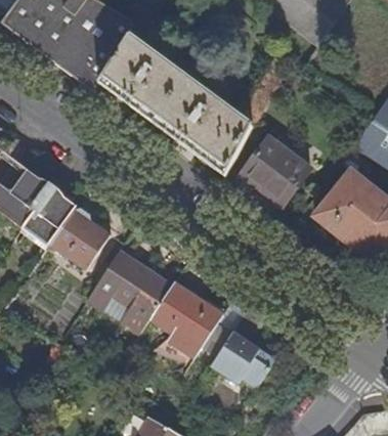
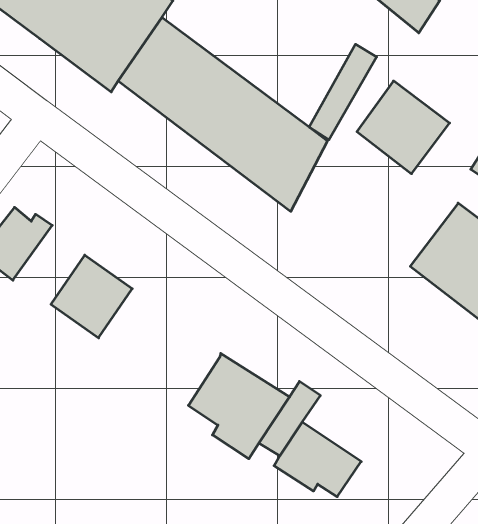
building: [243,135,310,203] -> [357,81,450,174]
building: [23,186,72,245] -> none
building: [89,249,173,332] -> none

